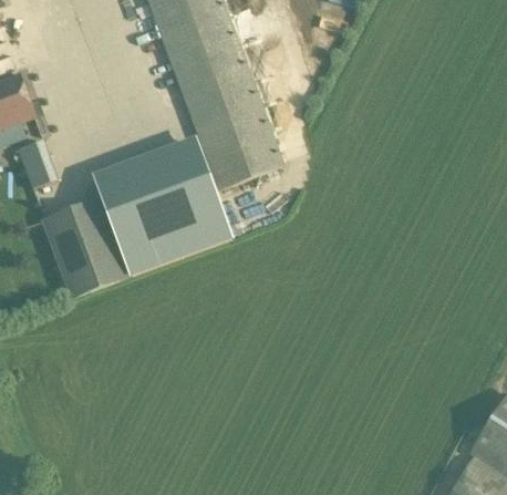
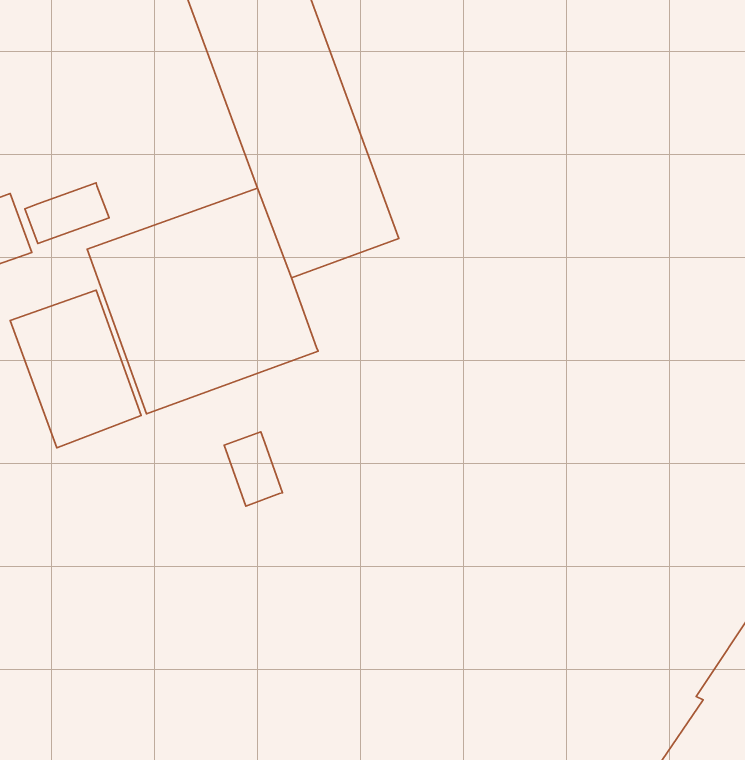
building: none -> [25,183,109,244]
building: none -> [224,432,283,506]

